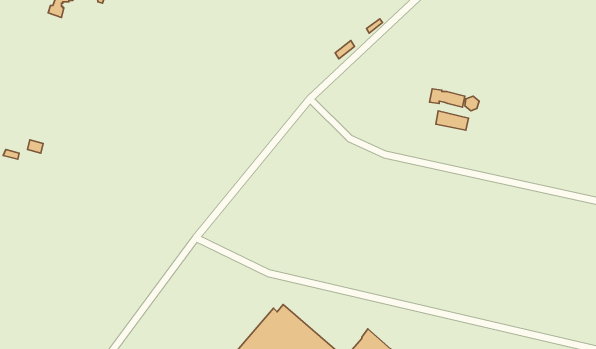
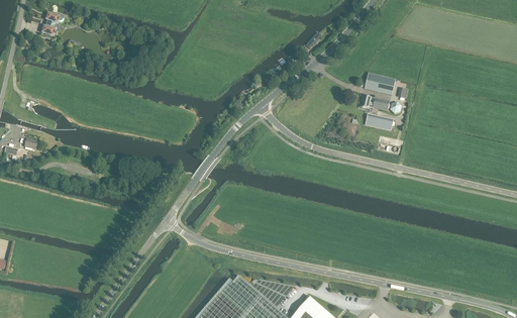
building: none -> [363,74,393,96]

